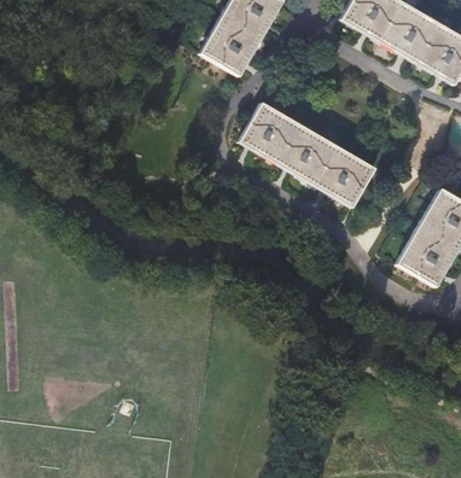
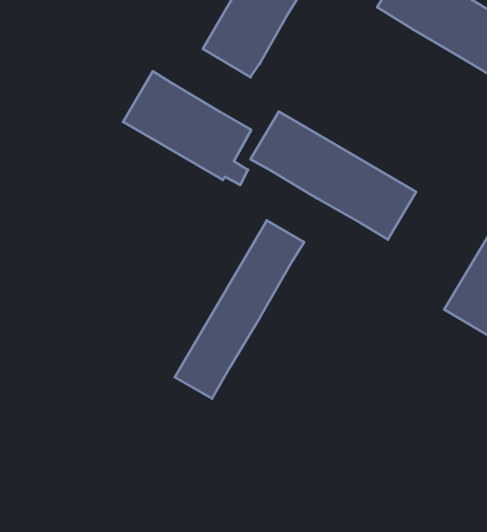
building: none -> [123,71,251,185]
building: none -> [175,220,304,399]

